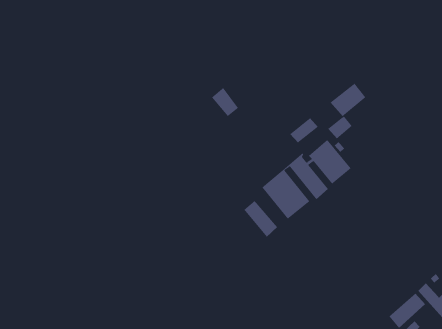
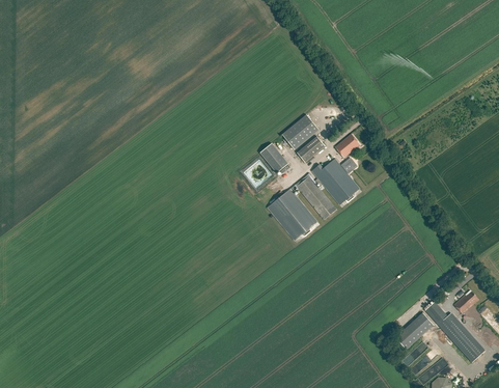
building: [330,83,366,117] -> [282,114,318,148]
building: [211,87,239,117] -> [260,142,288,172]
building: [243,200,278,237] -> none

